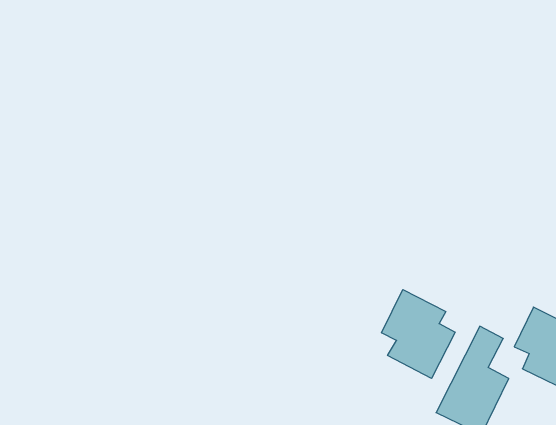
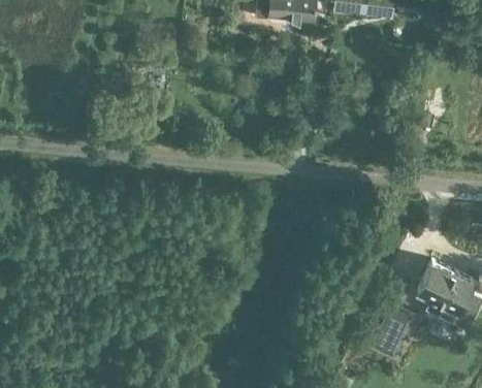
building: [382,290,455,378] -> none

